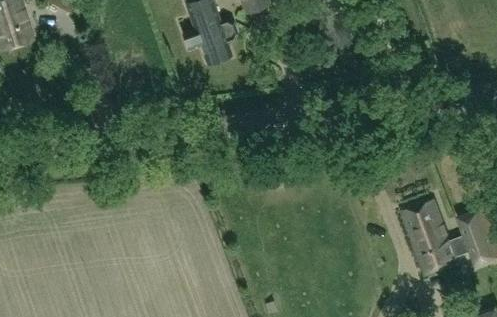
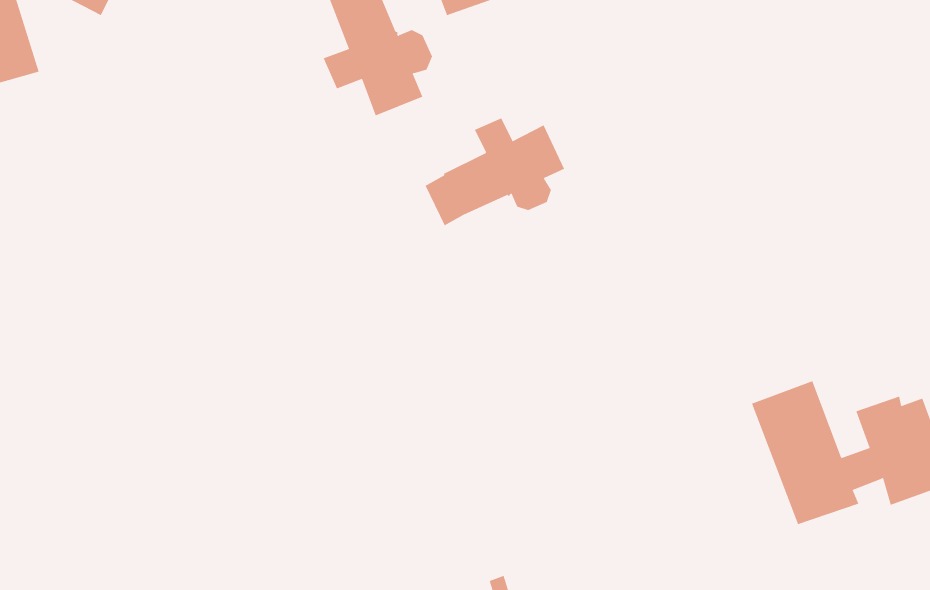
building: none -> [425,118,565,226]

